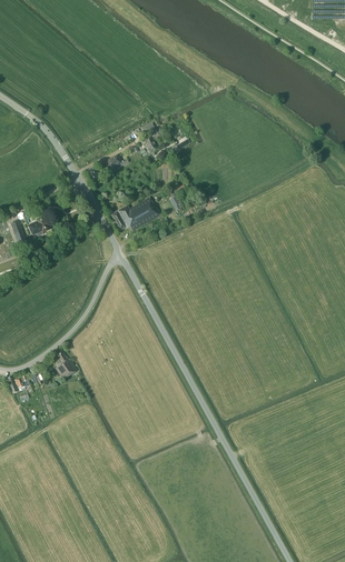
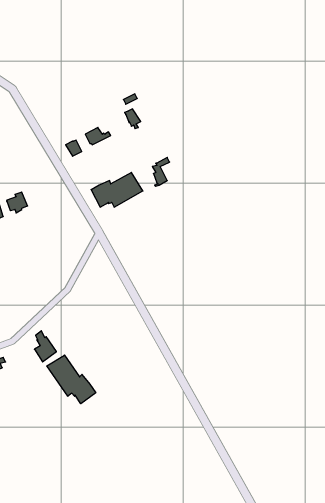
building: none -> [47,355,96,404]

